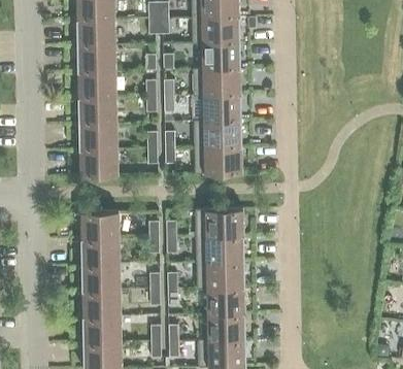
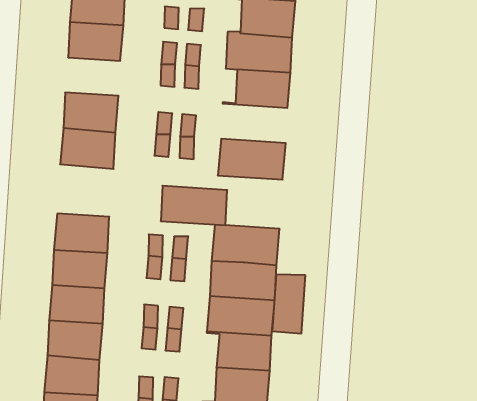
building: [78,98,117,125] -> none
building: [194,122,242,148] -> [161,186,227,225]
building: none -> [273,274,305,334]

